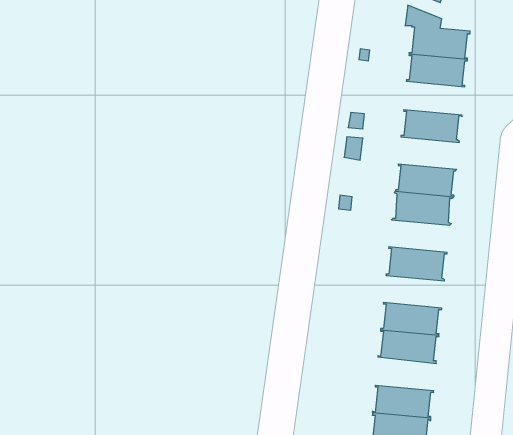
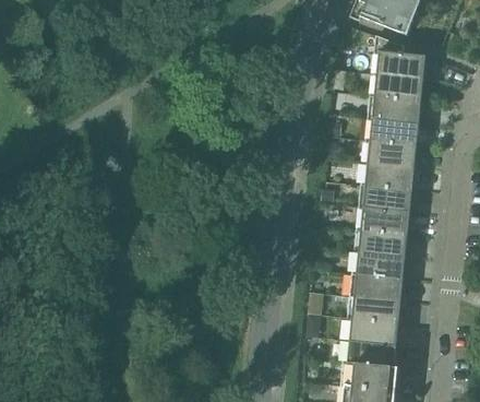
building: none -> [372,97,421,125]
building: none -> [368,142,417,168]
building: none -> [360,209,409,235]
building: none -> [356,253,405,280]
building: none -> [349,319,398,346]

